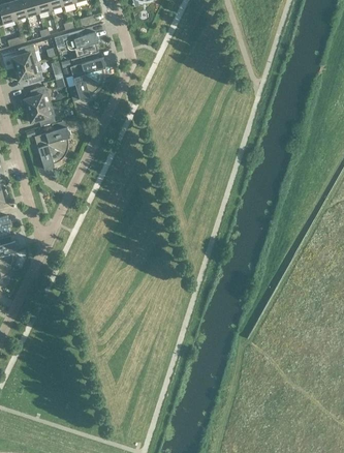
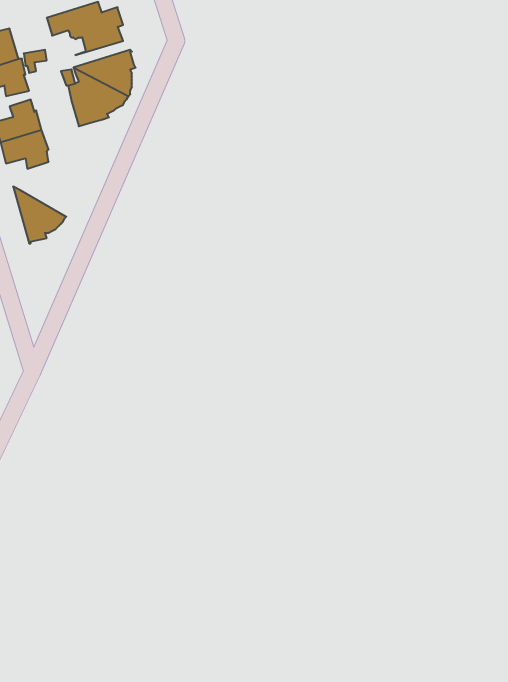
building: [34,127,69,154] -> none

